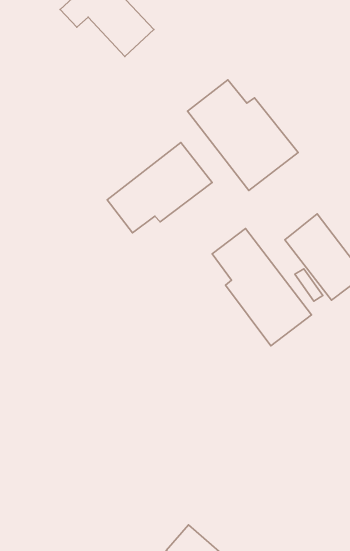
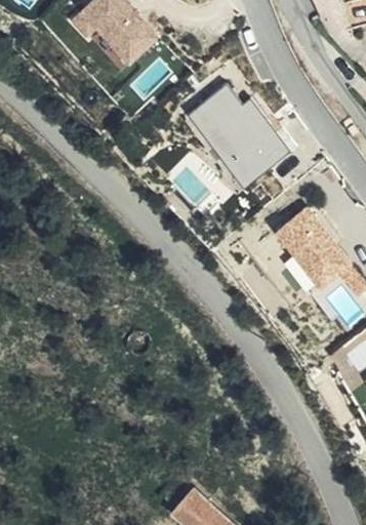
building: [107,143,212,233] -> none
building: [212,228,311,346] -> none

